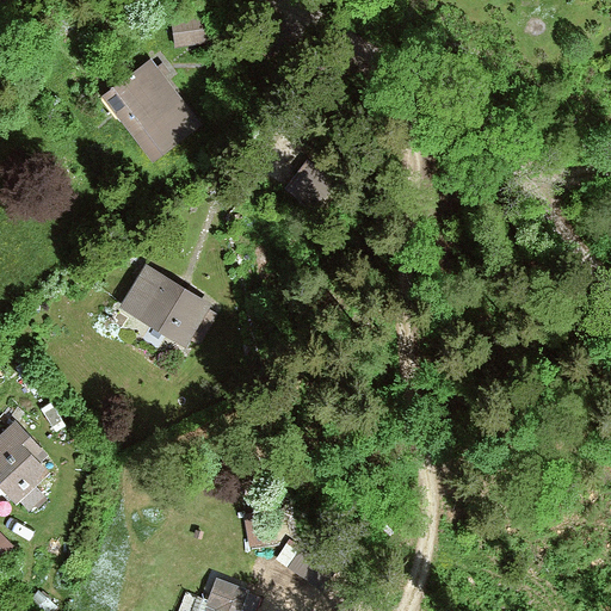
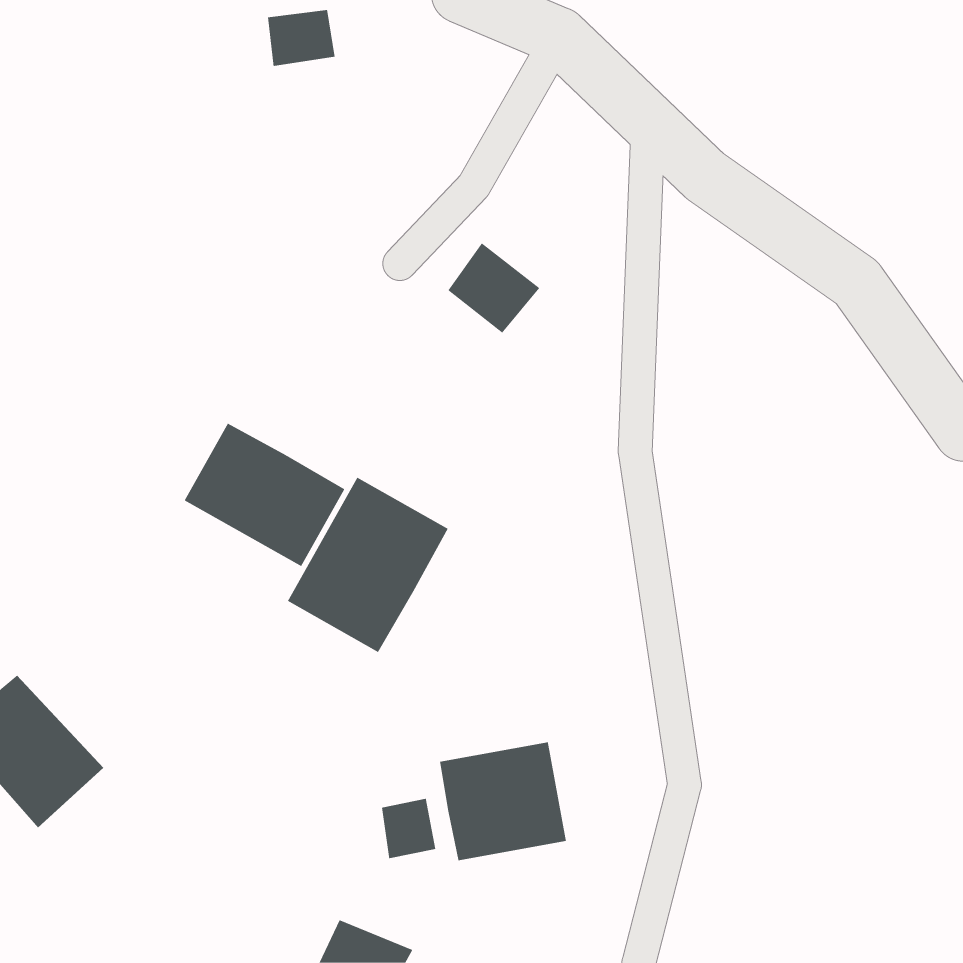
building: [104,58,190,147] -> none
building: none -> [287,477,448,653]
building: none -> [440,741,567,861]

